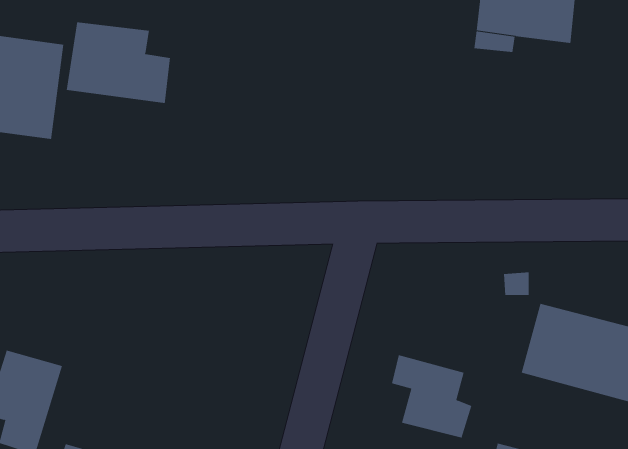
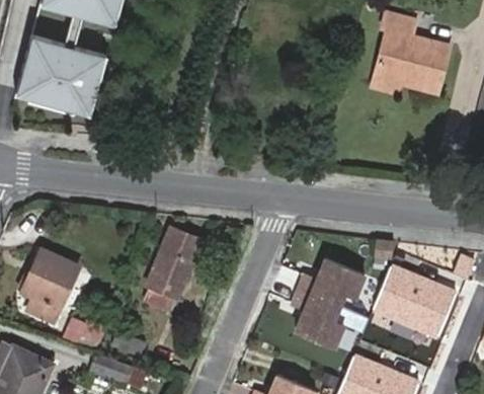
building: [66,22,171,104] -> none
building: none -> [146,229,201,308]
building: none -> [297,258,362,305]

